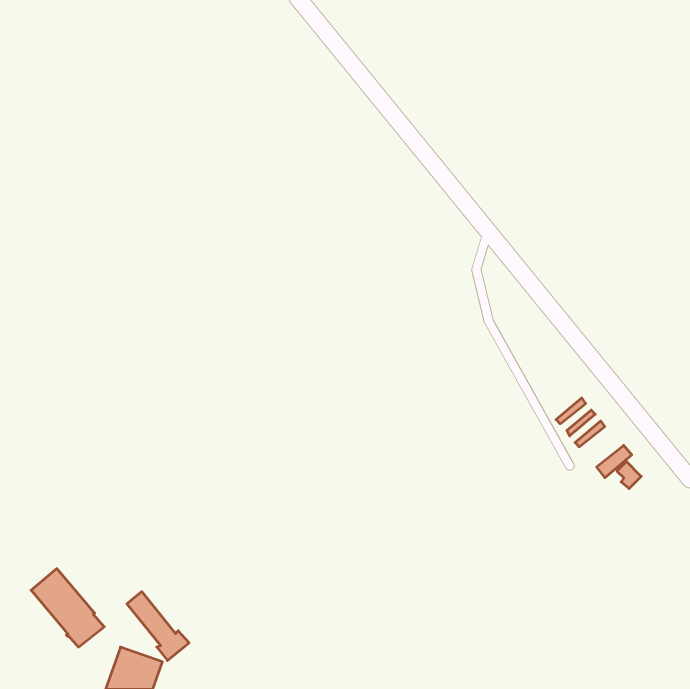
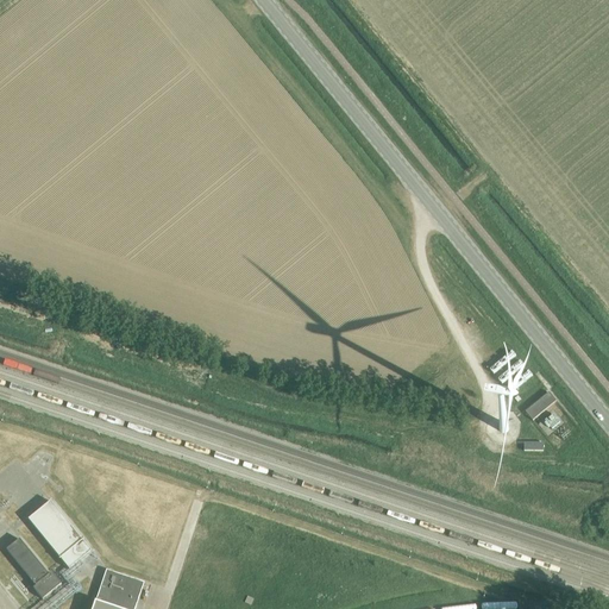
building: [127,592,189,661] -> [6,538,61,598]

